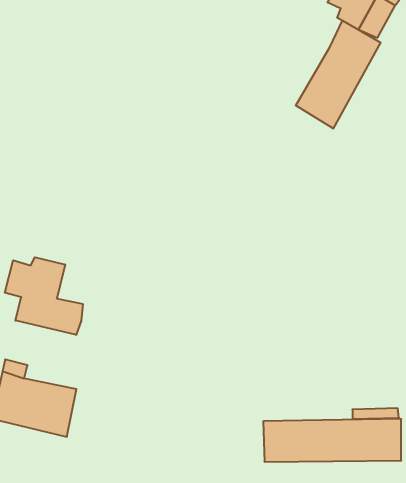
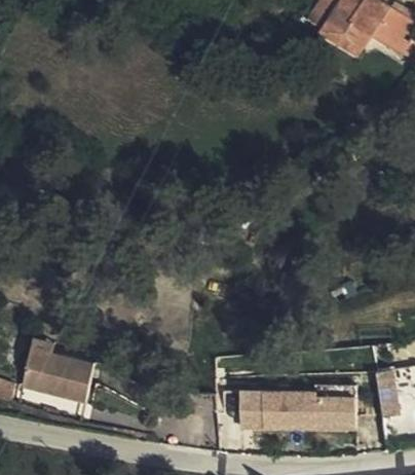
building: [296,21,381,129] -> none
building: [5,257,83,335] -> none

